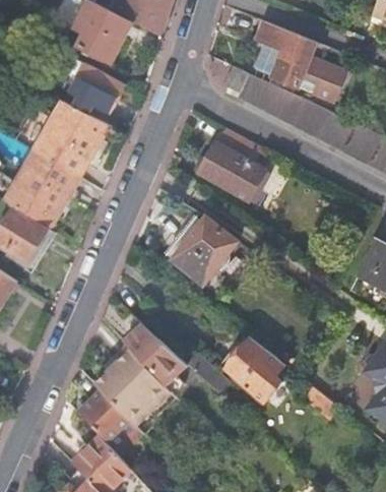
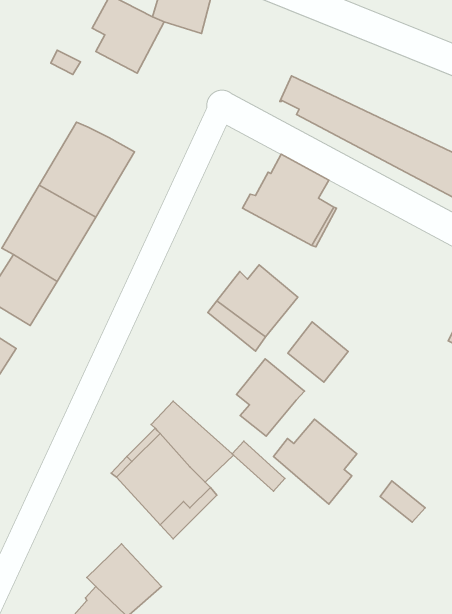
building: [254,21,347,100] -> none
building: [68,63,124,114] -> none
building: none -> [288,322,348,382]
building: none -> [236,359,305,436]
building: [77,390,128,441] -> none

